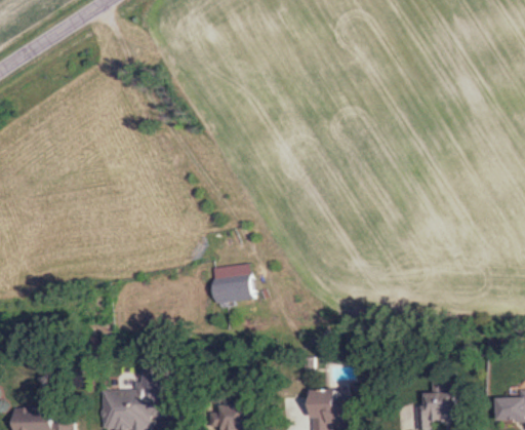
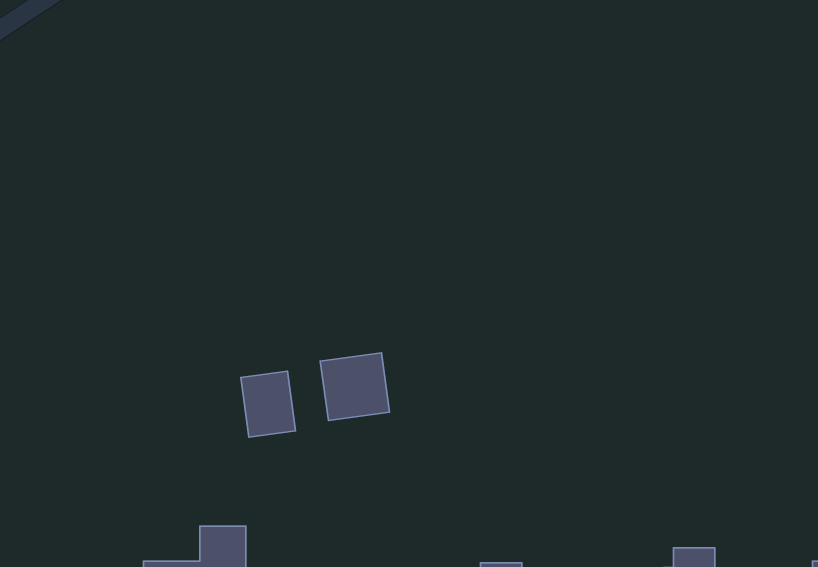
building: none -> [241,371,295,437]

